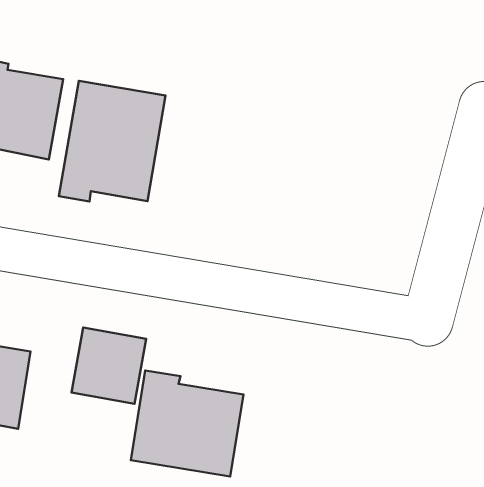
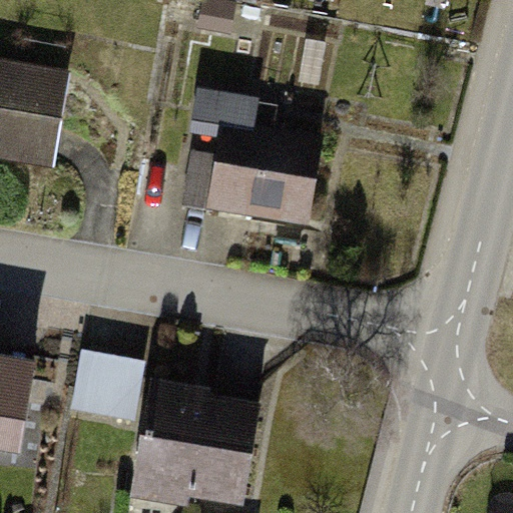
building: [59,81,165,201] -> none
building: none -> [181,94,317,218]

